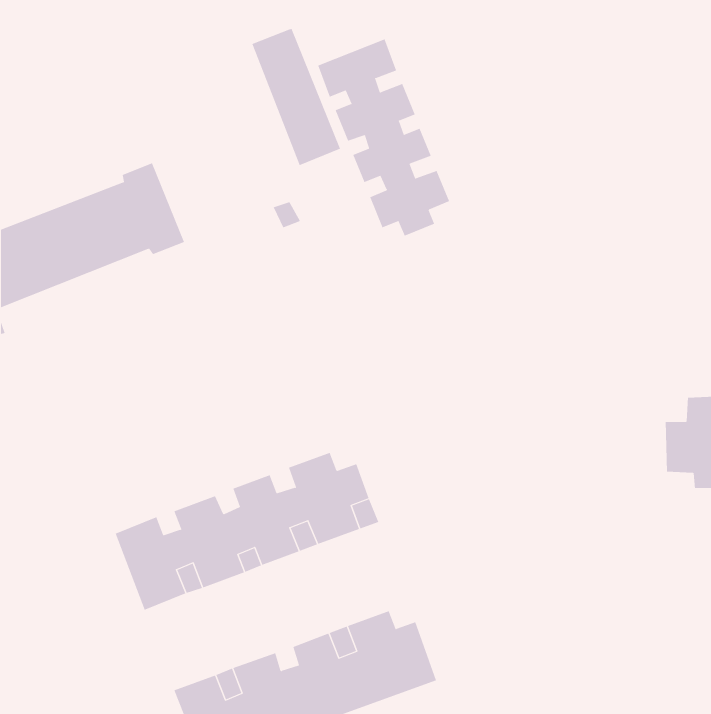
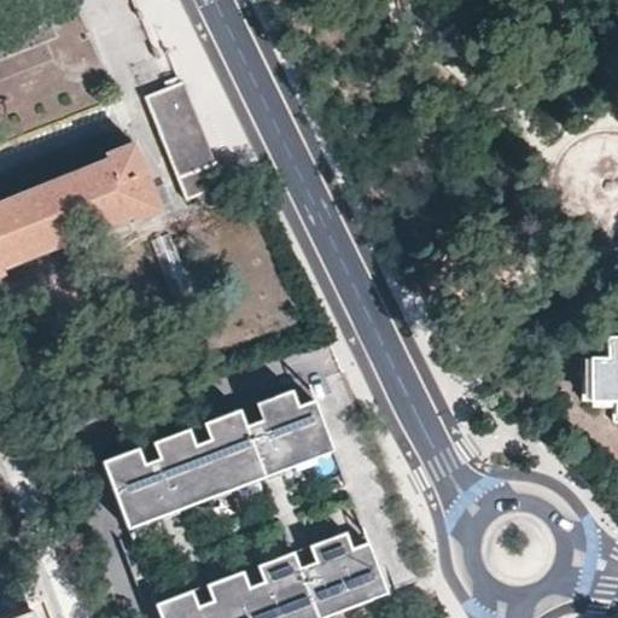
building: [251,29,341,166] -> [147,82,225,200]
building: [317,39,450,237] -> none

